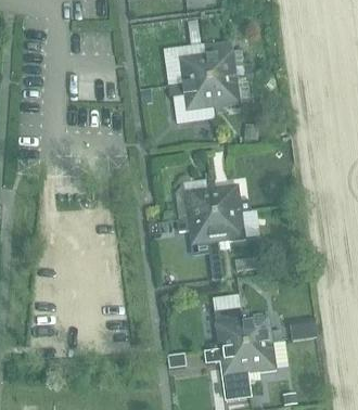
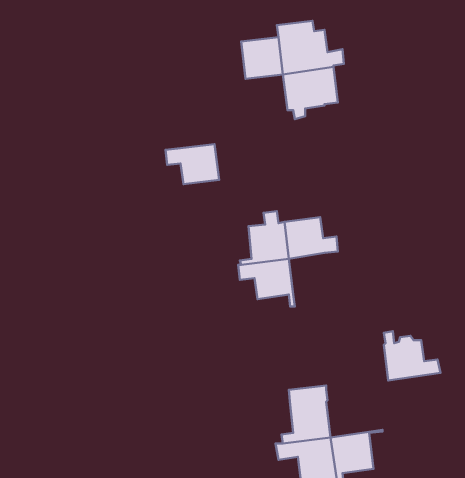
building: [174,80,213,110] -> [166,144,219,184]
building: [214,210,244,249] -> none
building: [241,309,282,345] -> [384,331,440,380]

